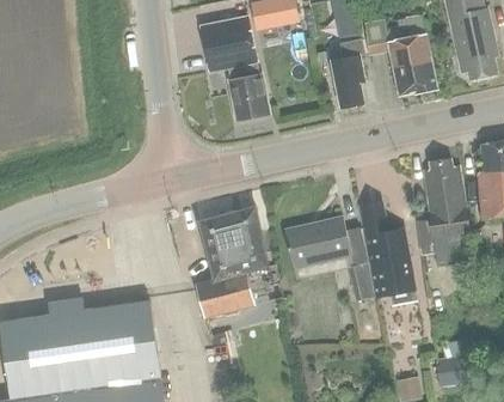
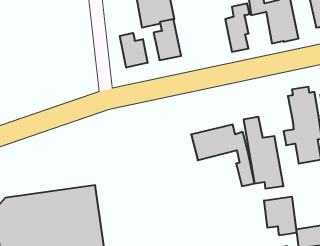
building: none -> [120,33,148,68]
building: [193,203,269,312] -> none
building: none -> [264,197,297,235]

